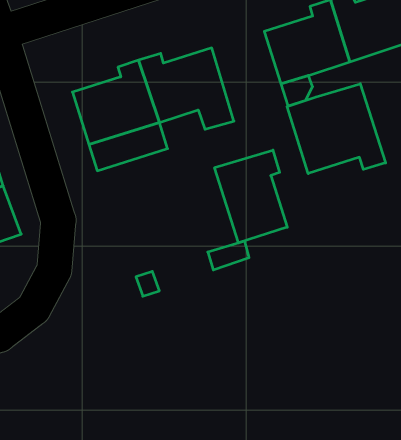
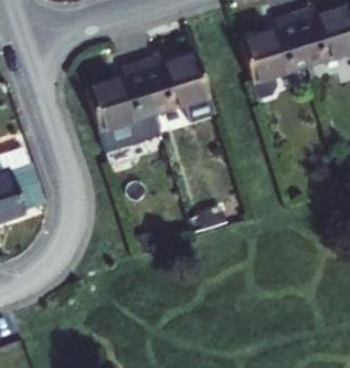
building: [287,84,386,174] -> none
building: [215,150,287,243] -> none

